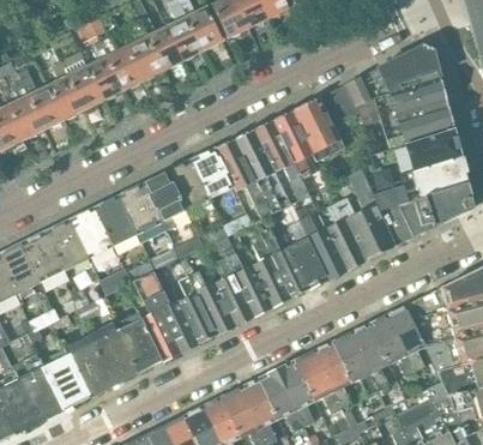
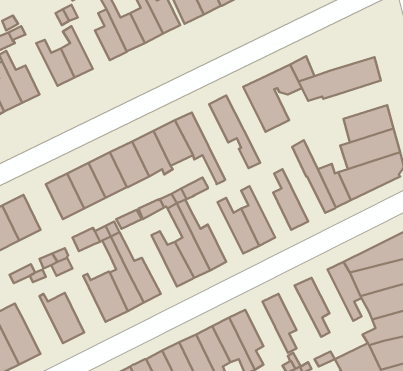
building: [98,36,141,89] -> none
building: [378,44,439,91] -> none
building: [47,60,83,118] -> none
building: [381,102,453,151] -> none
building: [272,109,313,178] -> none
building: [234,128,282,214] -> none
building: [336,197,384,260] -> none
building: [295,206,345,278] -> none
building: [44,218,89,270] -> none
building: [252,239,291,306] -> none
building: [177,276,217,342] -> none
building: [368,314,415,377] -> none
building: [91,321,137,385] -> none
building: [331,332,379,395] -> none
building: [42,344,89,409] -> none
building: [294,350,342,413] -> none

